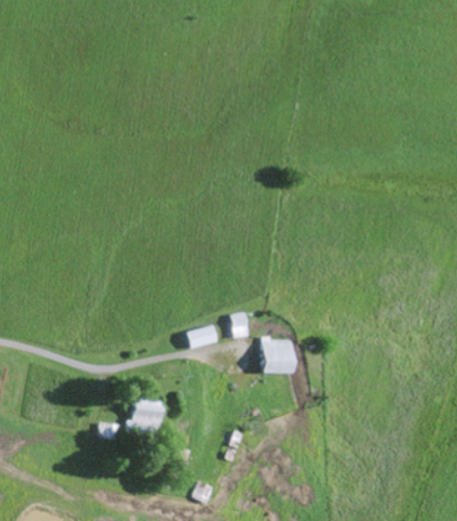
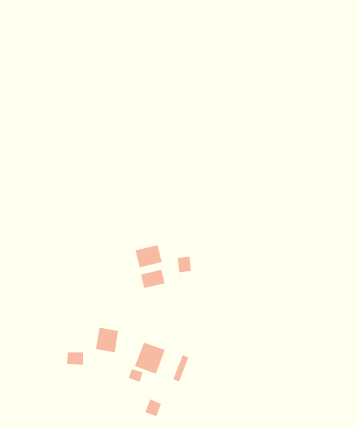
building: none -> [135,244,162,268]
building: [262,336,292,372] -> none
building: none -> [134,342,165,374]

